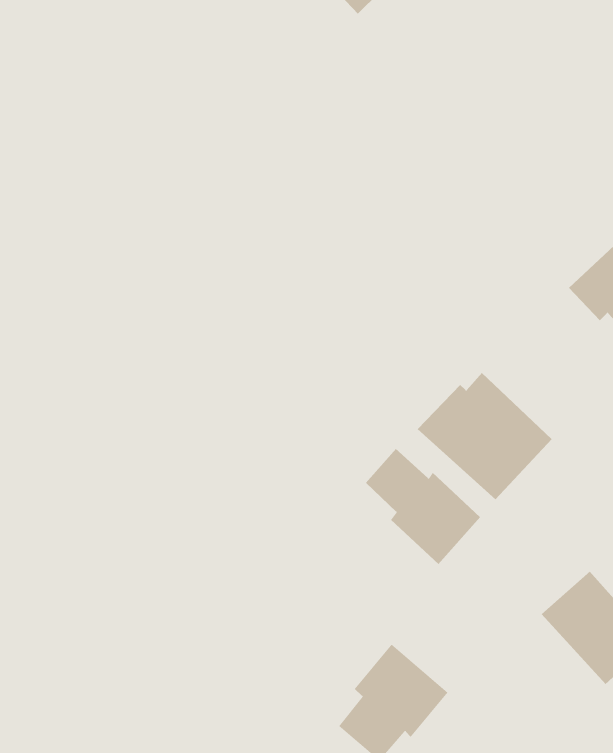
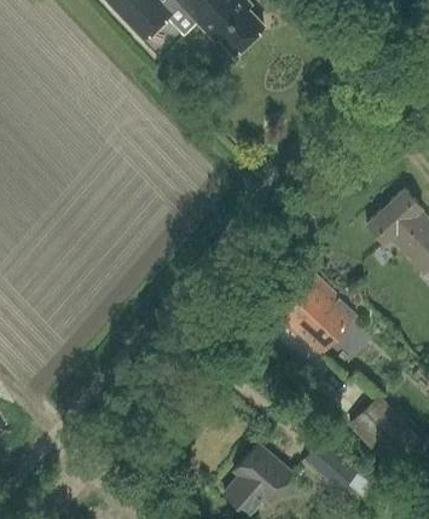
building: [365,448,481,565] -> none
building: none -> [302,439,356,491]

